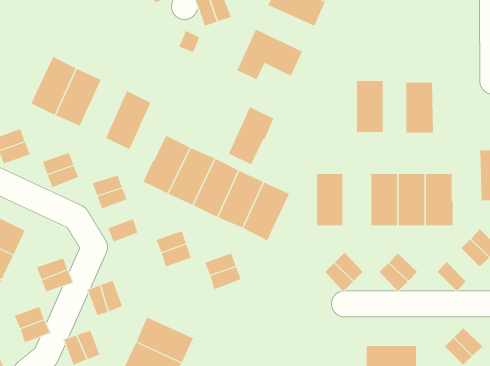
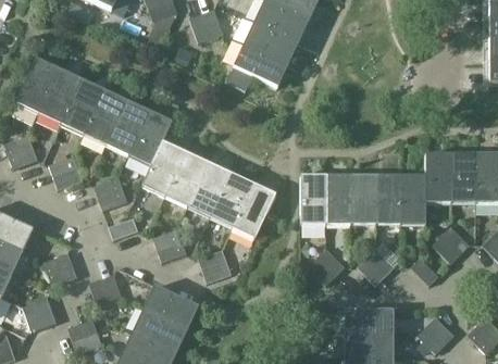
building: none -> [245,22,299,64]
building: none -> [15,59,59,112]
building: none -> [84,90,126,143]
building: [356,80,383,133] -> [325,176,350,224]
building: [406,82,434,133] -> [425,154,451,201]
building: [228,107,274,165] -> [129,111,172,164]
building: none -> [145,285,199,327]
building: none -> [346,309,393,334]

